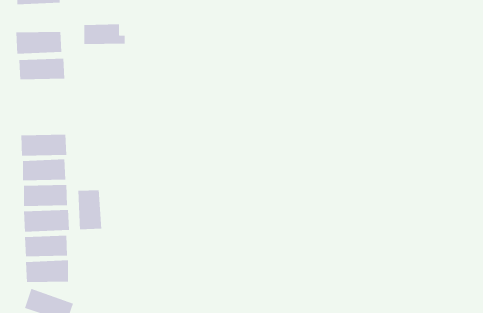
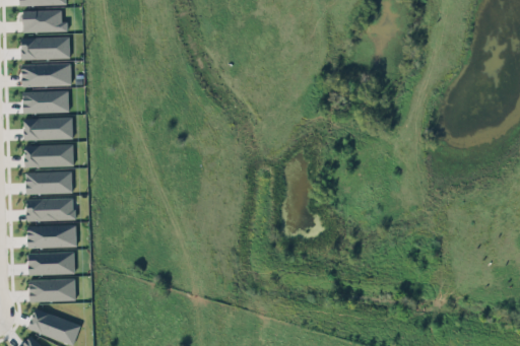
building: [84,24,125,45] -> [23,10,68,32]
building: none -> [23,90,70,114]
building: none -> [23,117,73,141]
building: [78,189,102,230] -> none

